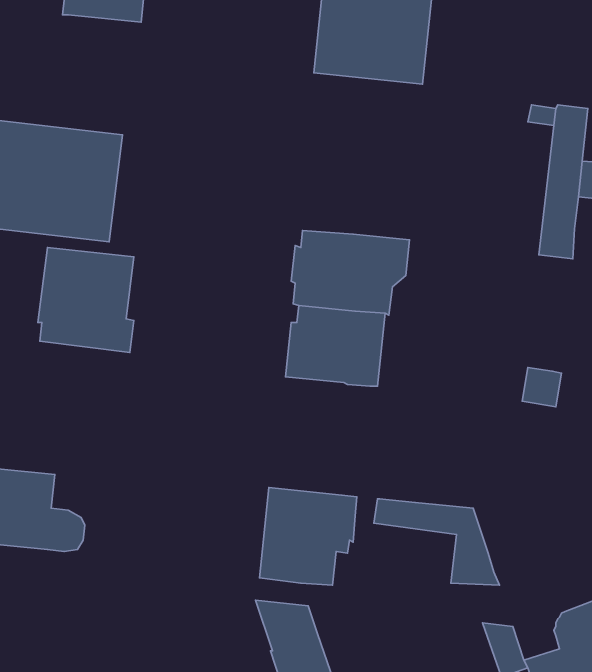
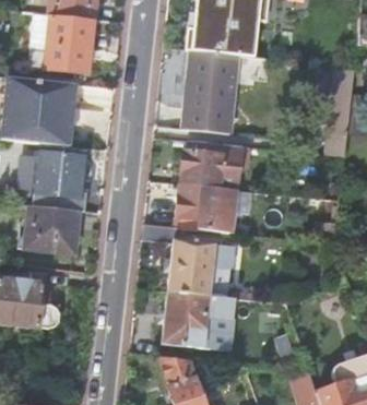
building: none -> [44,16,93,74]
building: none -> [183,53,237,124]
building: none -> [25,206,80,254]
building: none -> [142,224,226,296]

